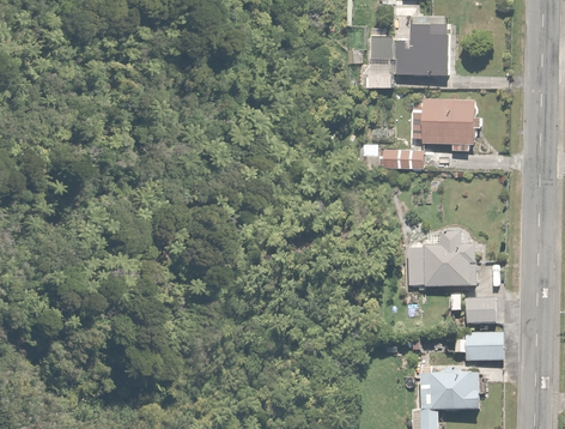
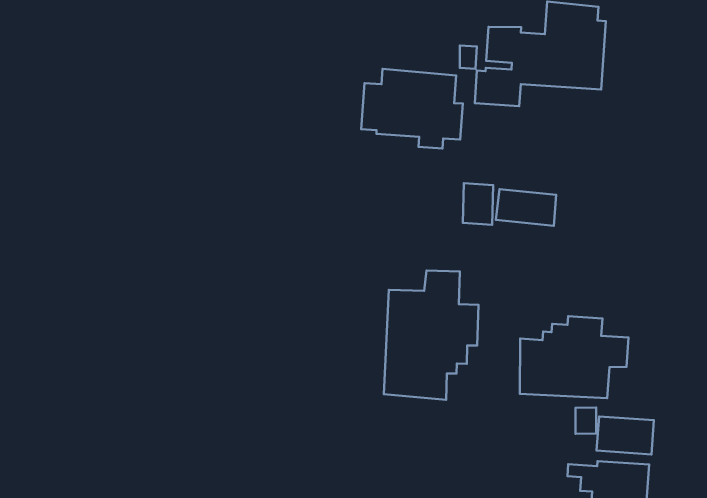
building: [412,96,481,149] -> [361,69,463,149]
building: none -> [384,271,478,400]

